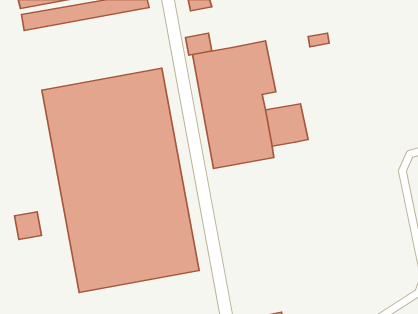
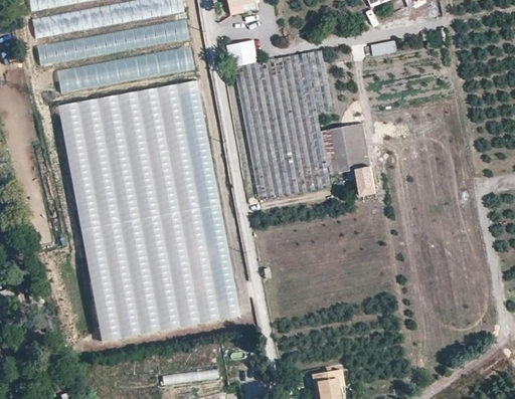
building: none -> [37,17,190,63]
building: none -> [57,45,193,90]
building: none -> [352,165,375,194]
building: [15,212,41,239] -> none

